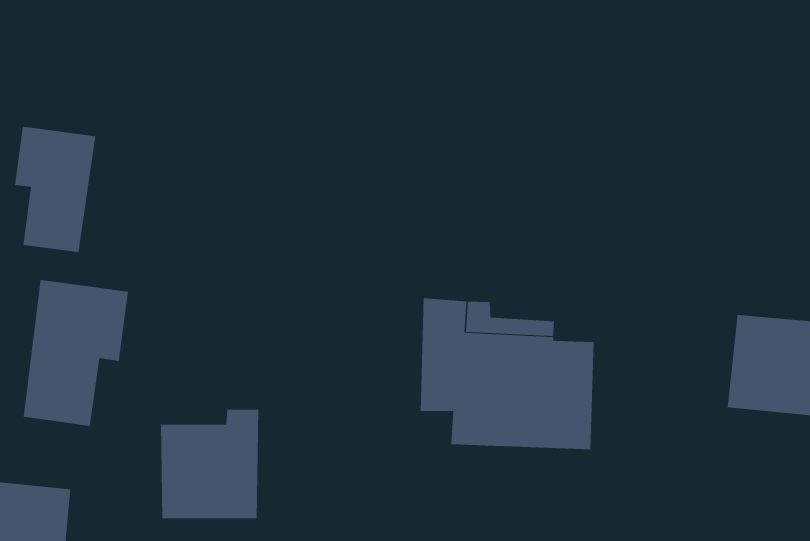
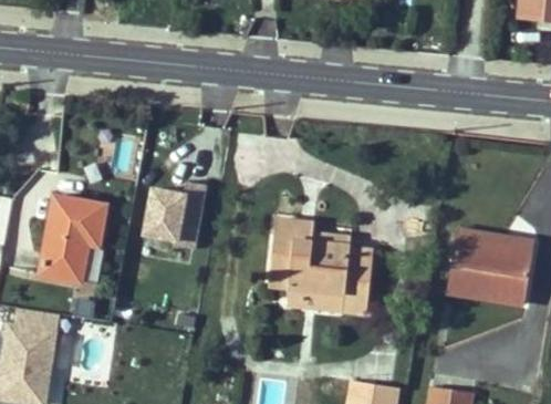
building: [14,126,96,253] -> none
building: [160,409,259,519] -> [142,184,201,248]

